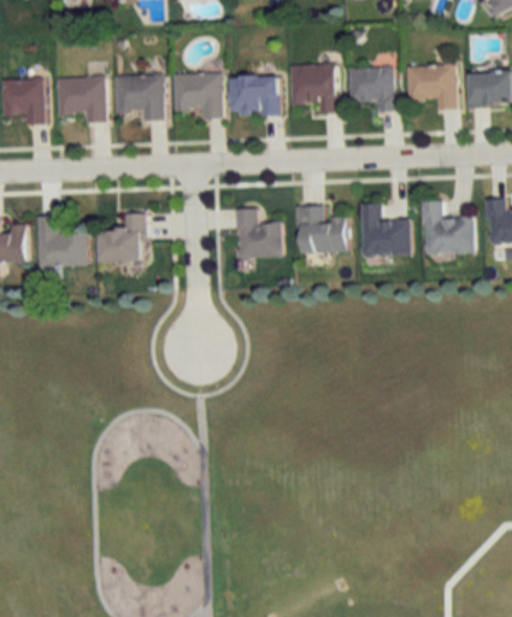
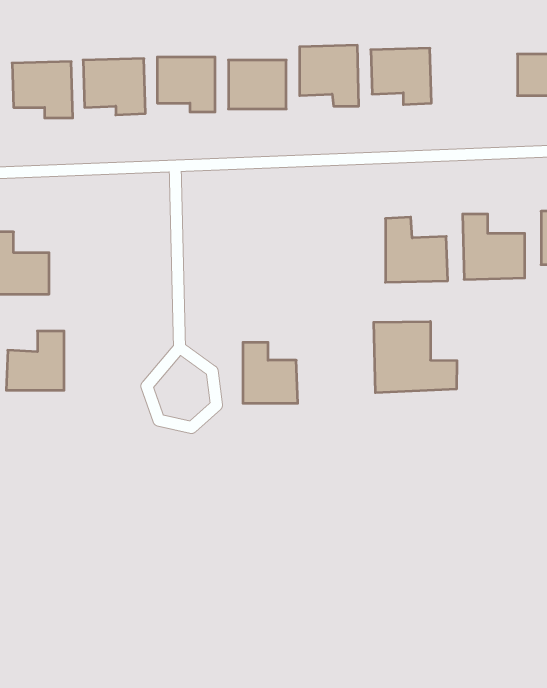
building: [407,64,457,111] -> none
building: [299,206,346,253] -> none
building: [237,208,282,258] -> [243,342,298,403]
building: [99,213,146,262] -> [6,331,64,390]
building: none -> [374,321,457,393]

